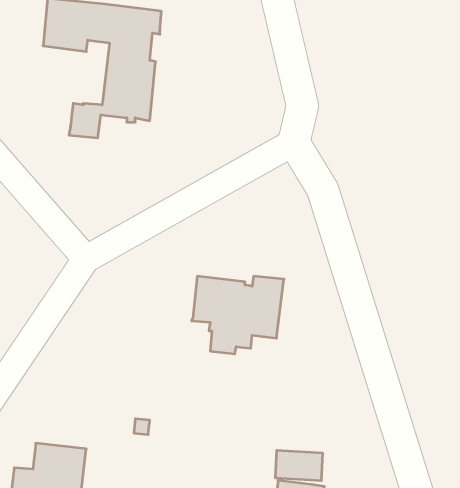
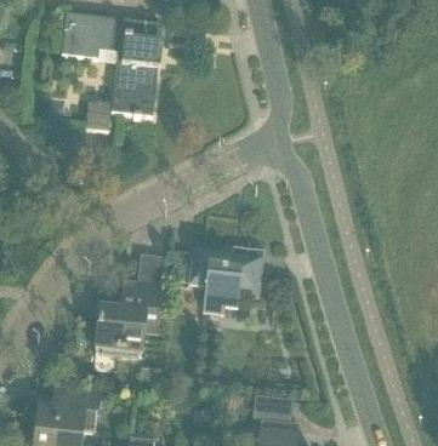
building: none -> [95,253,165,356]

